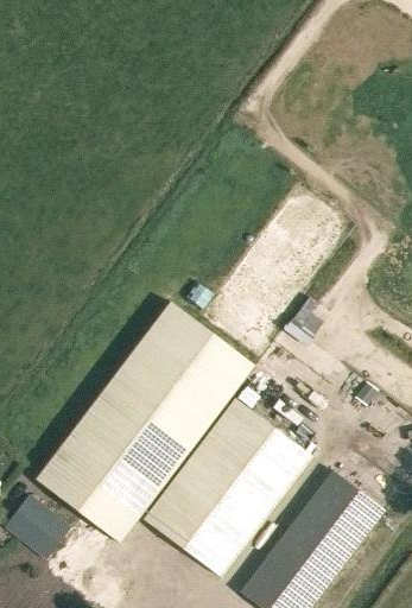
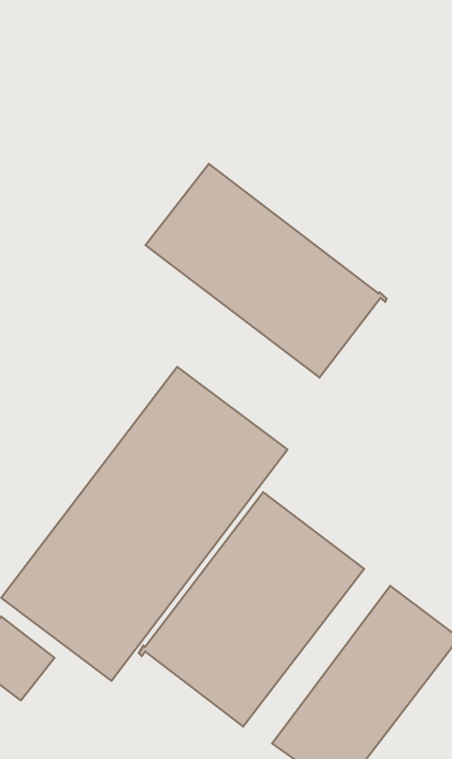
building: none -> [146,164,387,378]

